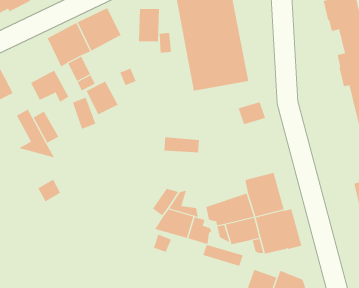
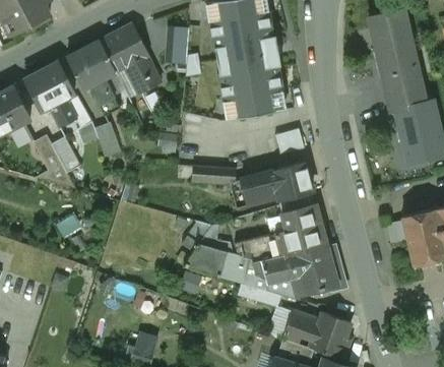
building: none -> [25,63,75,111]
building: [86,81,118,115] -> [125,56,161,94]
building: none -> [242,162,312,204]

